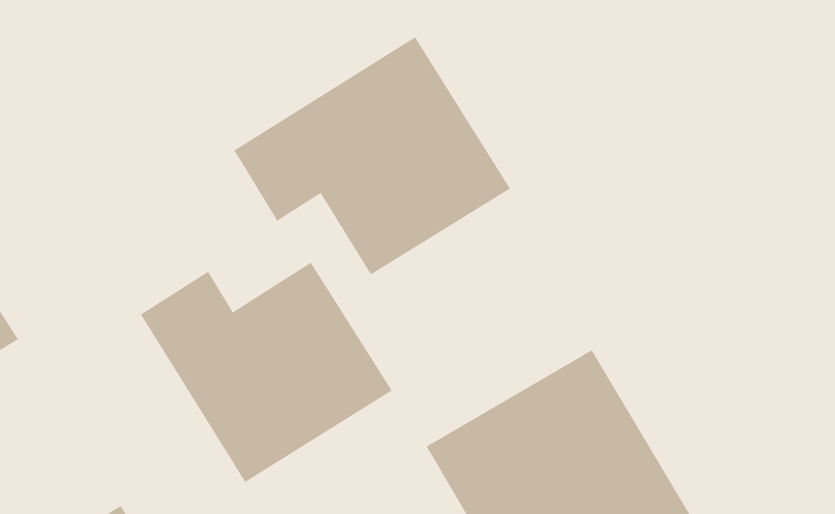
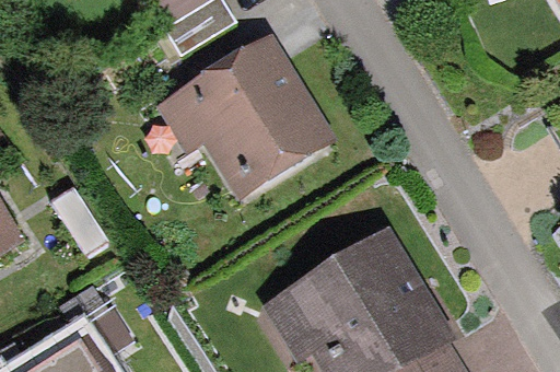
building: [140,262,393,483] -> none

